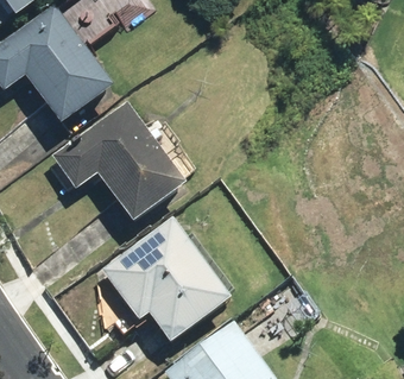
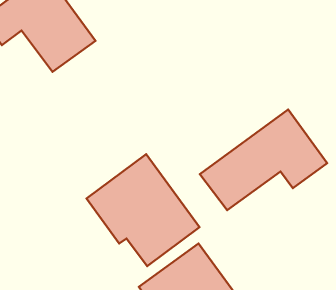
building: [53,100,184,221] -> none
building: none -> [200,109,327,210]

